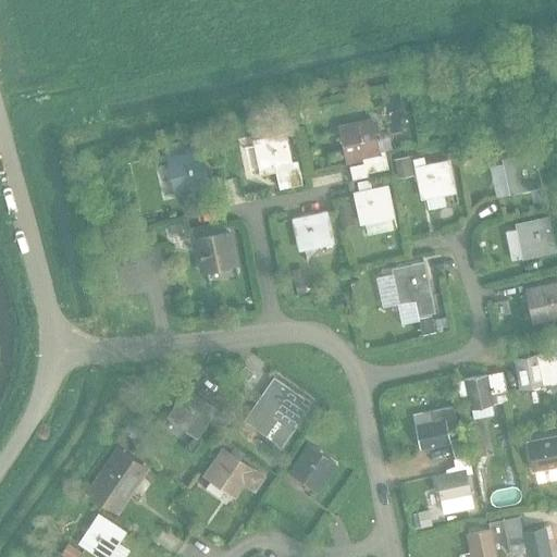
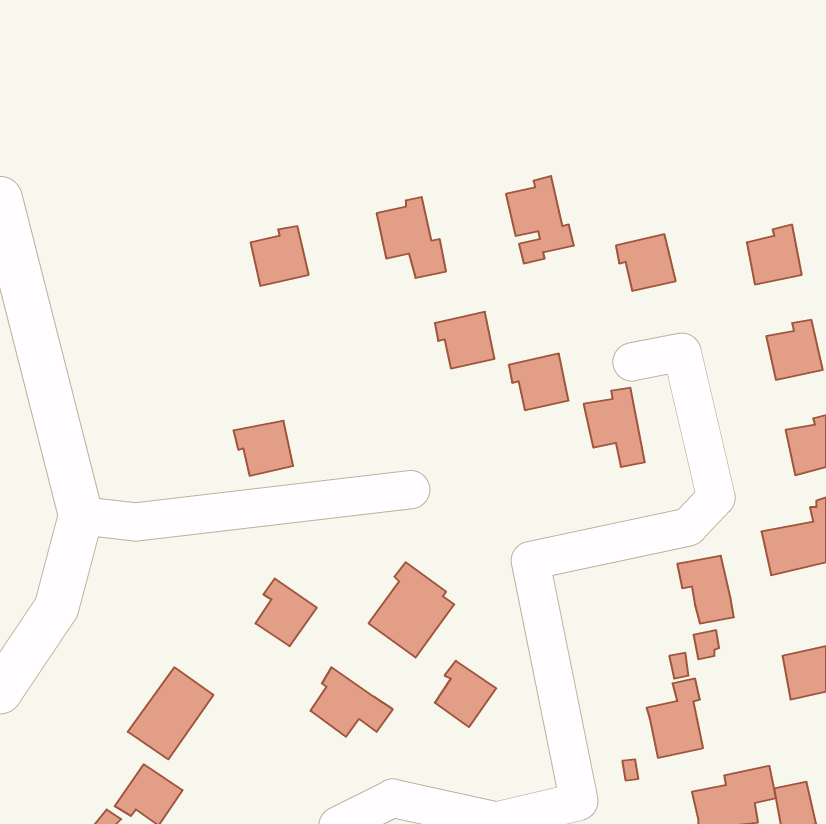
building: [354,185,394,223] -> [509,354,569,410]
building: [195,233,235,270] -> [233,421,293,476]
building: [414,408,456,448] -> none

